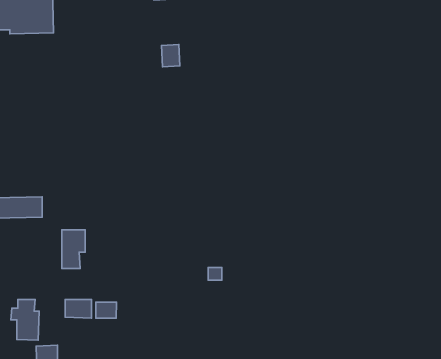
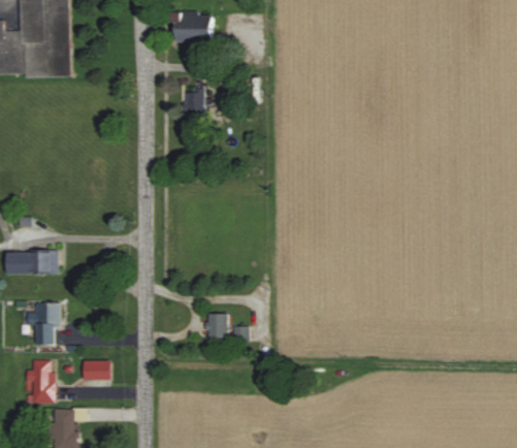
building: [62,230,85,269] -> [35,302,60,344]
building: none -> [207,313,228,339]
building: [96,302,116,318] -> none

